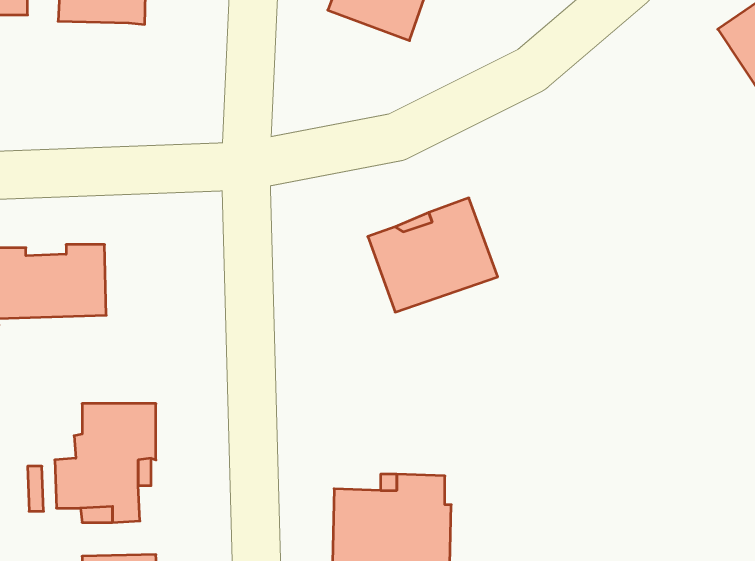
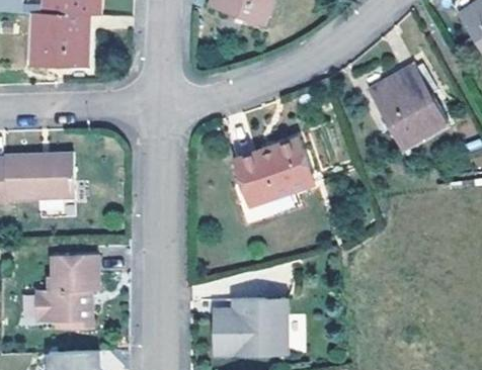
building: none -> [30,14,85,69]
building: none -> [366,67,444,150]

